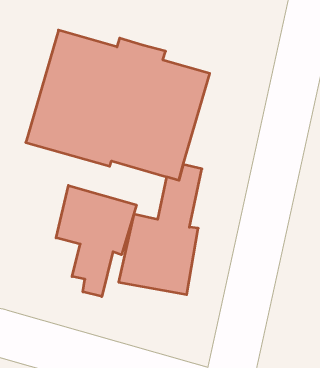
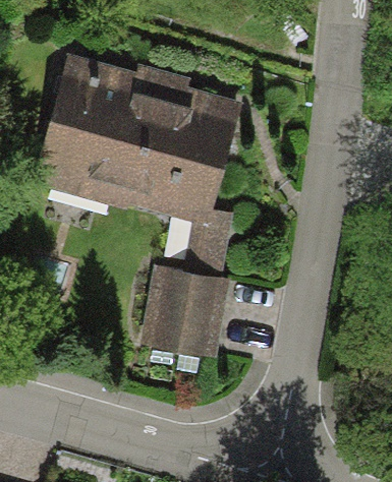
building: [56,185,136,297] -> none

